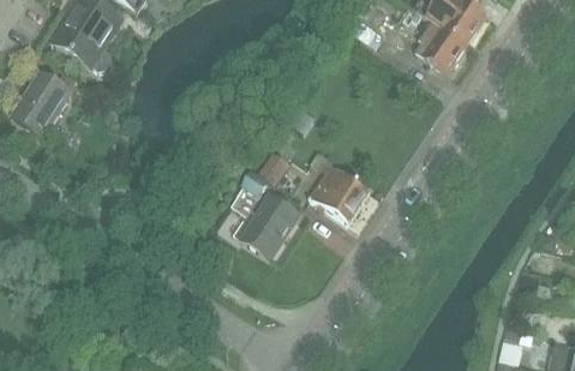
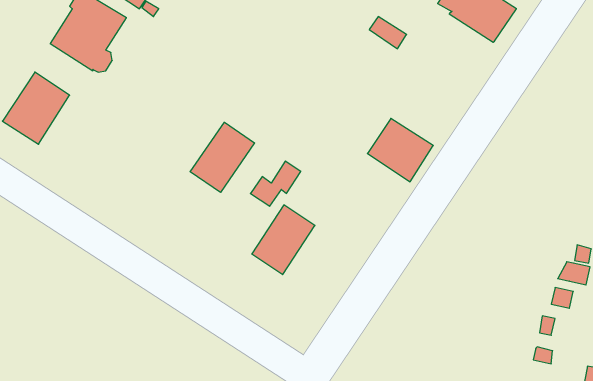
building: [409,14,465,71] -> none
building: none -> [190,122,255,192]
building: [307,161,369,220] -> [367,118,433,182]

